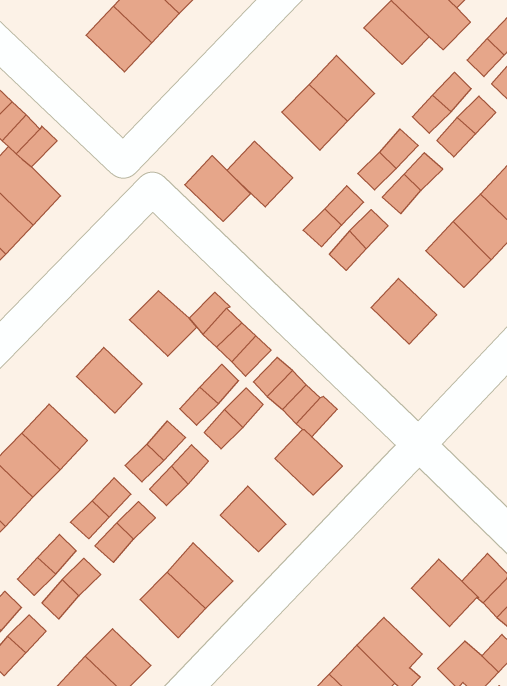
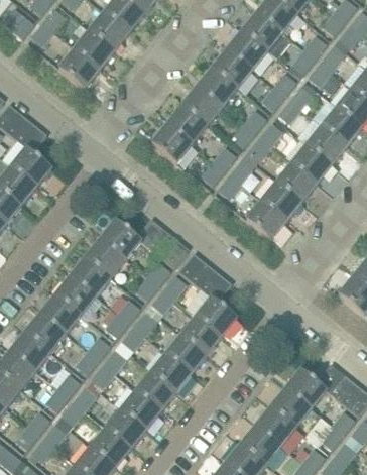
building: none -> [212,49,252,89]
building: [185,156,250,221] -> [166,105,207,144]
building: none -> [261,182,301,220]
building: none -> [86,239,125,277]
building: none -> [55,276,96,315]
building: none -> [180,316,221,355]
building: none -> [150,353,191,392]
building: none -> [270,387,311,427]
building: none -> [106,408,146,448]

